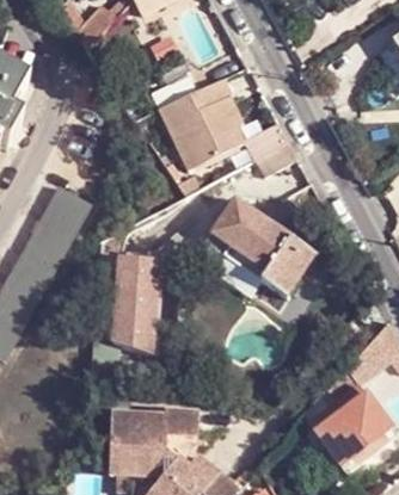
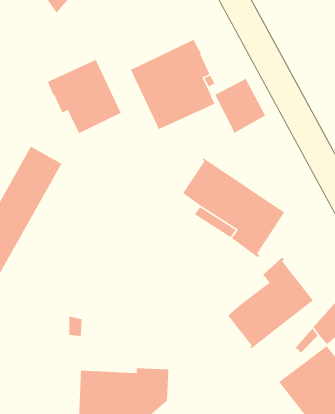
building: none -> [47,59,122,134]
building: [111,253,156,347] -> none
building: none -> [227,257,314,349]

